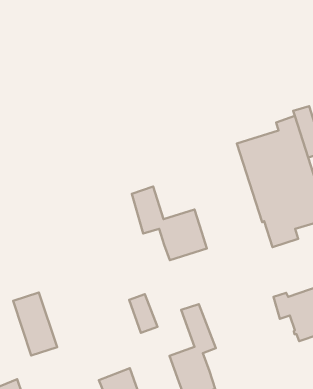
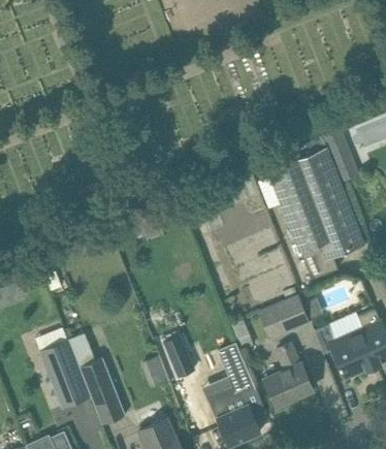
building: [132,186,207,260] -> none
building: none -> [259,294,309,339]
building: none -> [69,333,125,425]
building: none -> [264,344,312,407]

